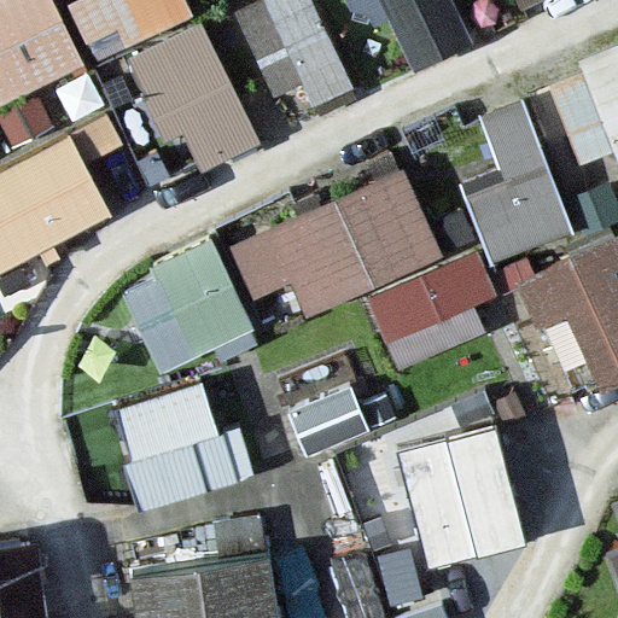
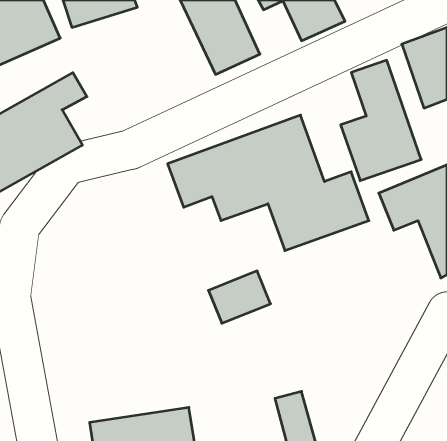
building: [128,25,251,168] -> none
building: [118,244,252,372] -> none
building: [109,379,240,509] -> none
building: [393,425,529,570] -> none

